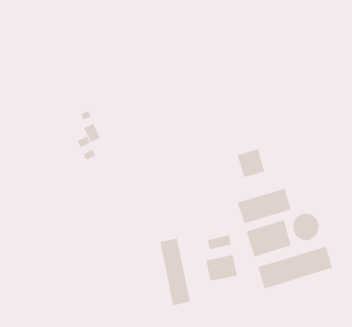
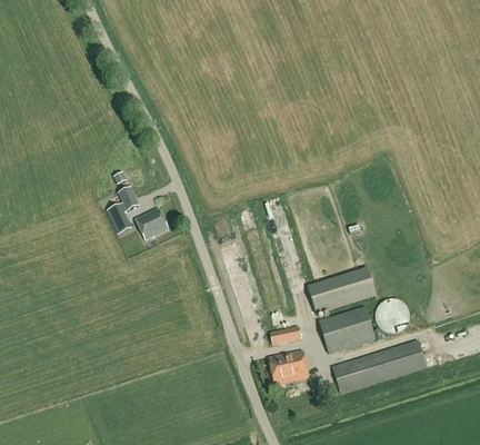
building: none -> [136,207,169,239]
building: [237,148,265,178] -> none
building: [160,238,190,306] -> none

